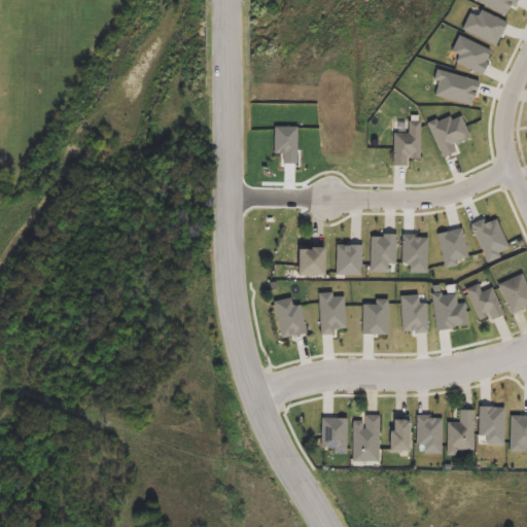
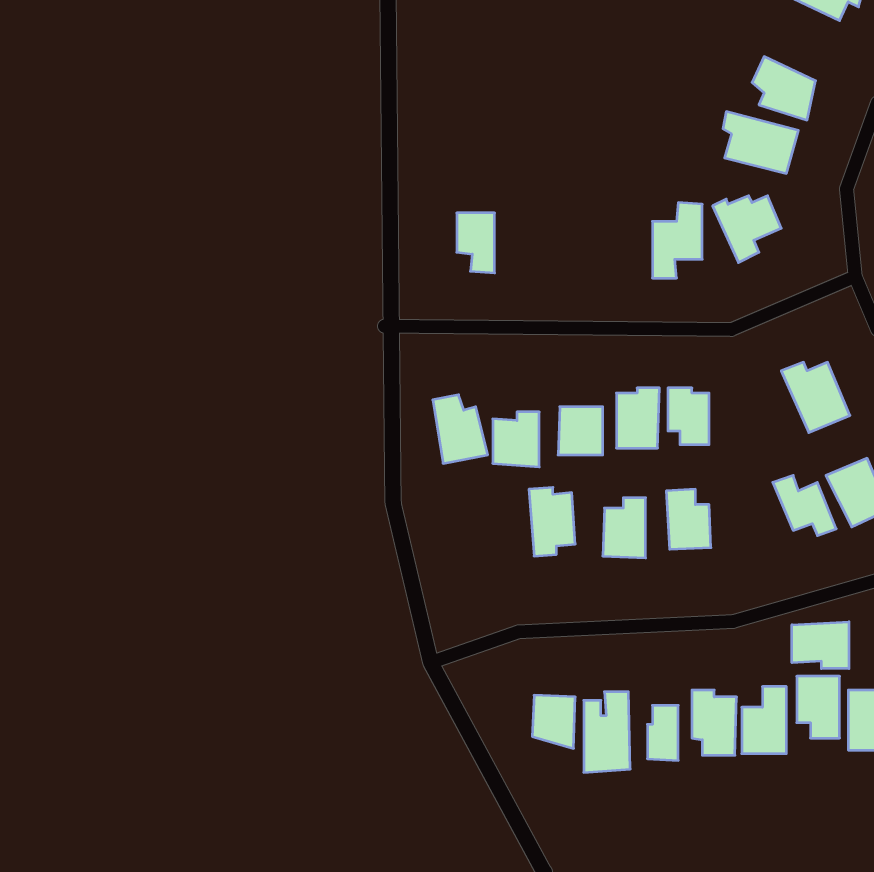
building: [463,8,506,42] -> none
building: [440,226,470,261] -> none
building: [432,291,467,330] -> none
building: [275,298,308,340] -> [433,395,488,463]
building: none -> [792,622,849,669]

